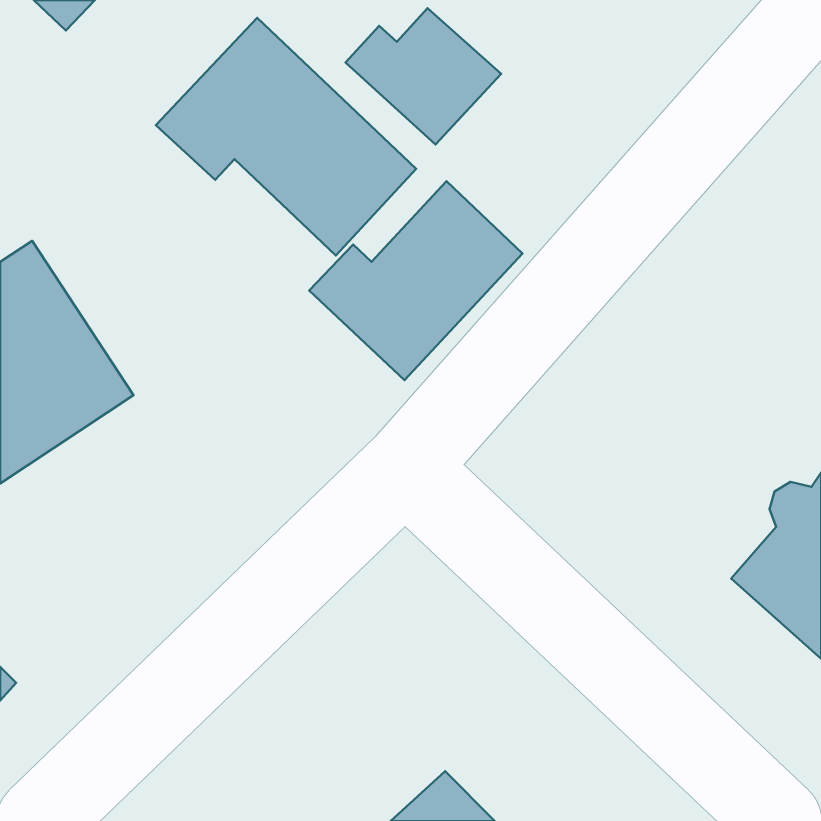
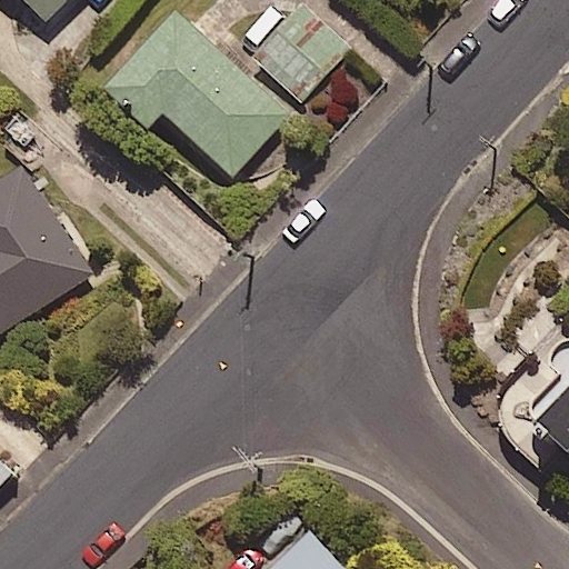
building: [309,181,522,380] -> none

